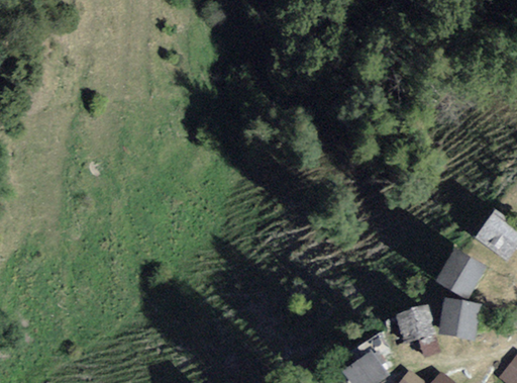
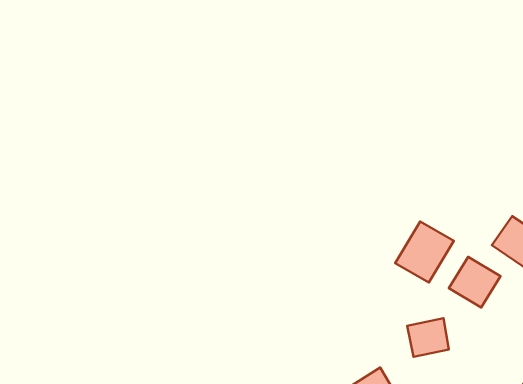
building: none -> [395,222,454,283]
building: [439,298,480,337] -> none

